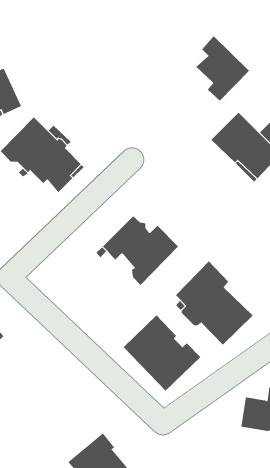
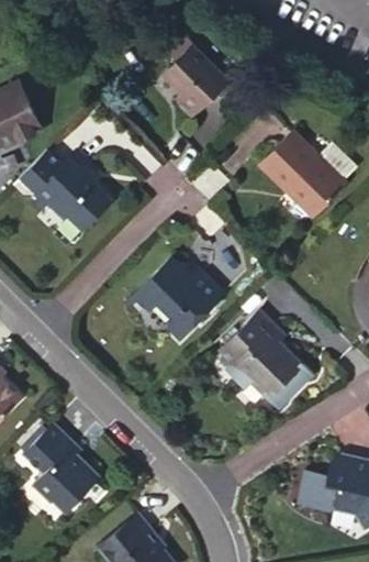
building: [196,35,250,102] -> [164,37,227,115]
building: [123,315,201,391] -> none
building: none -> [20,421,100,513]

